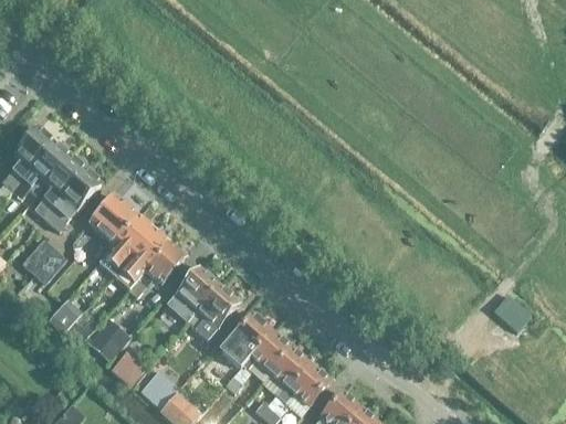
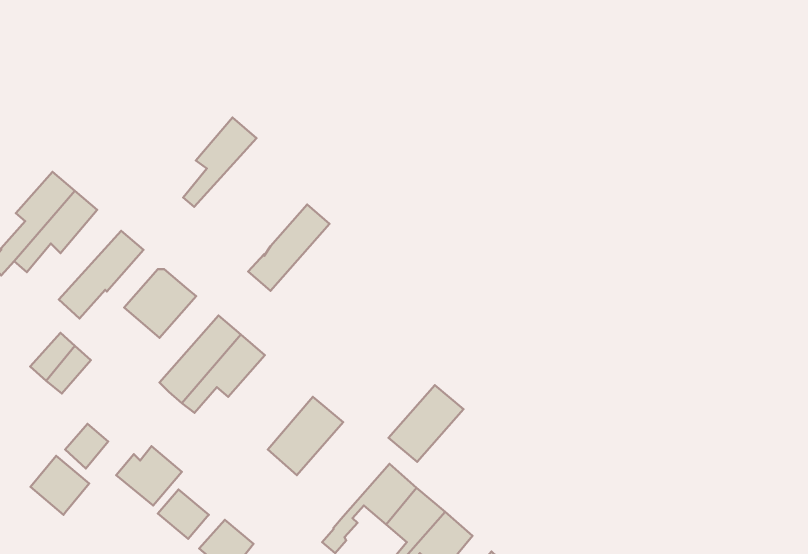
building: [35,155,86,216] -> [183,118,256,207]
building: [97,214,154,274] -> [248,205,330,291]
building: [167,266,219,320] -> none
building: [493,294,531,330] -> none
building: [220,314,272,367] -> [388,385,464,462]
building: none -> [30,456,89,515]

